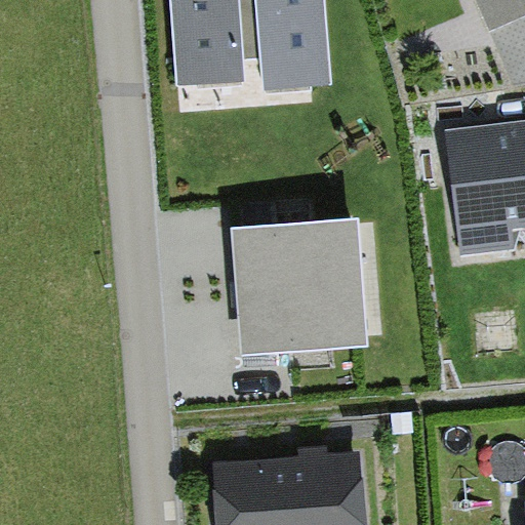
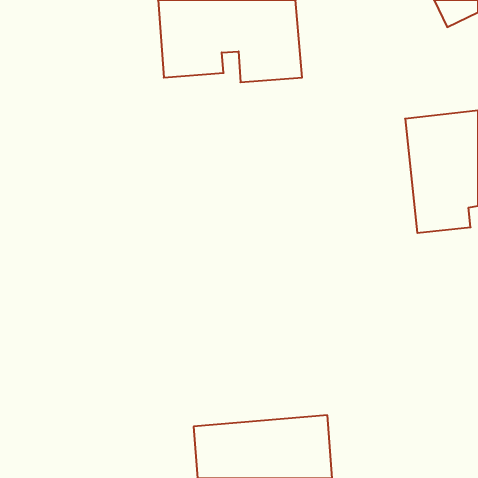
building: [236,217,369,354] -> none

